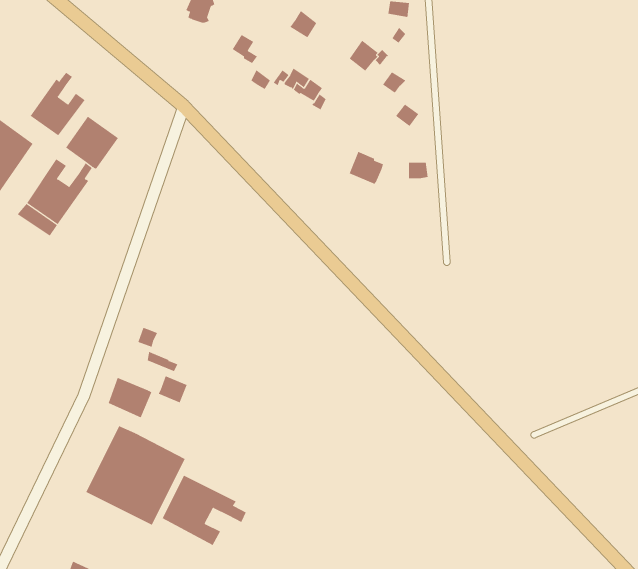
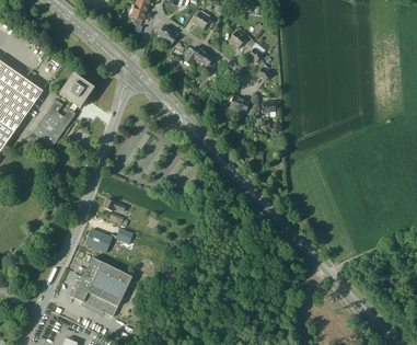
building: [30,72,85,136] -> none
building: [162,475,246,546] -> none

